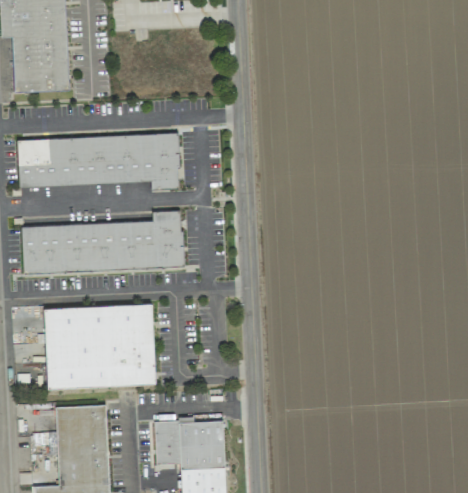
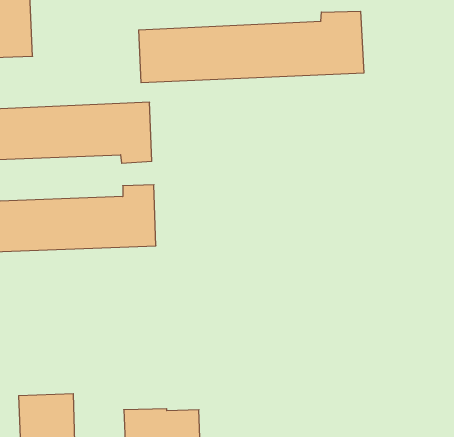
building: none -> [139,11,364,83]
building: [44,304,155,388] -> none

